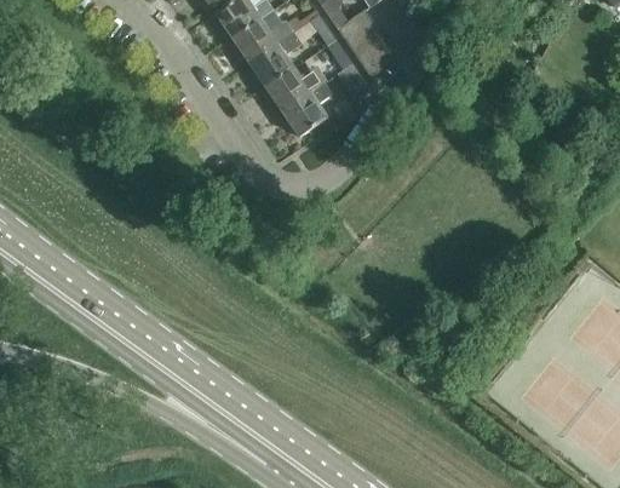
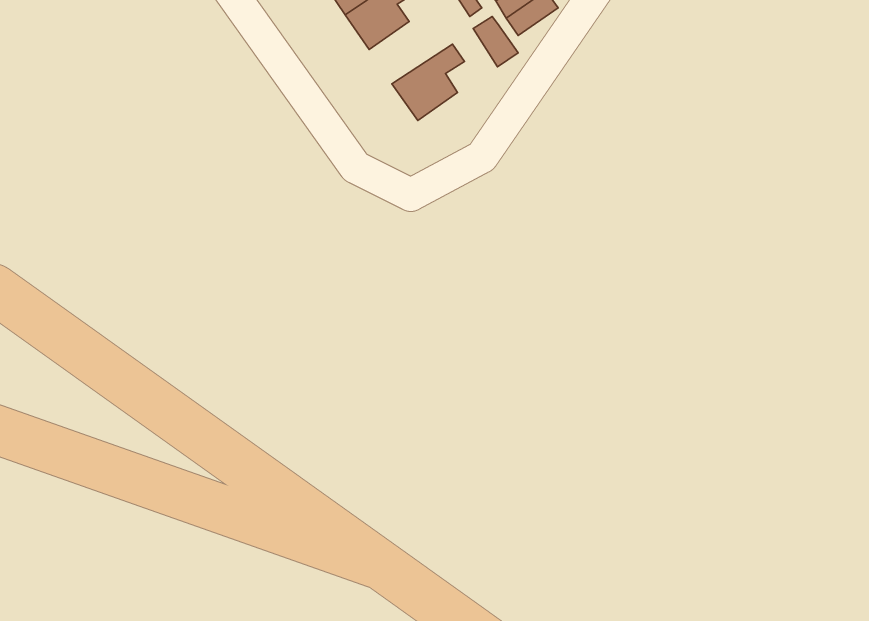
building: [265,65,323,109] -> none

